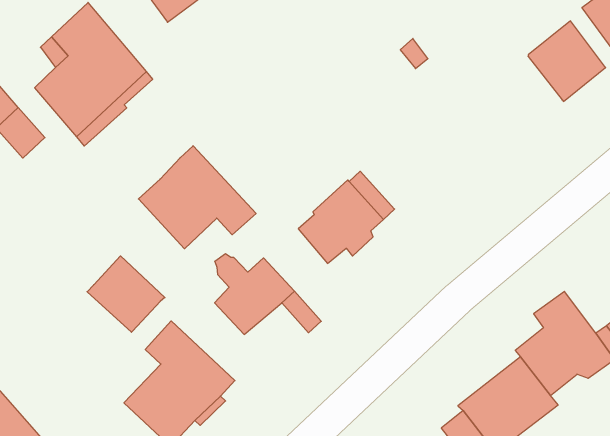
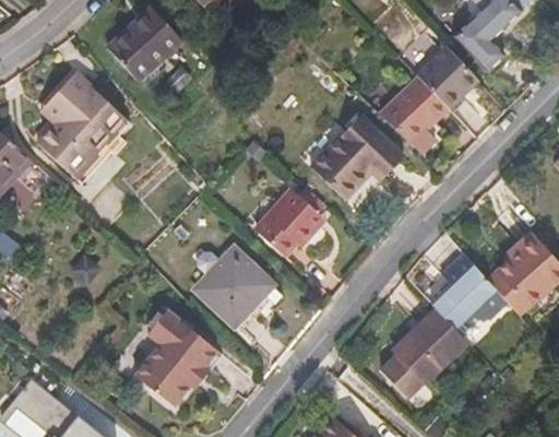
building: none -> [379,78,447,153]
building: none -> [312,117,402,199]
building: [138,146,256,249] -> none
building: [87,256,165,332] -> none

